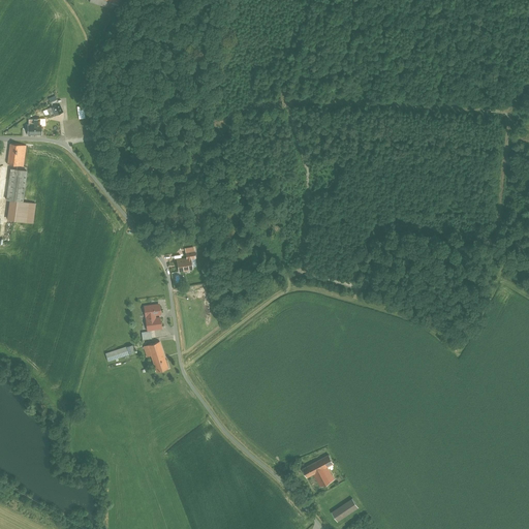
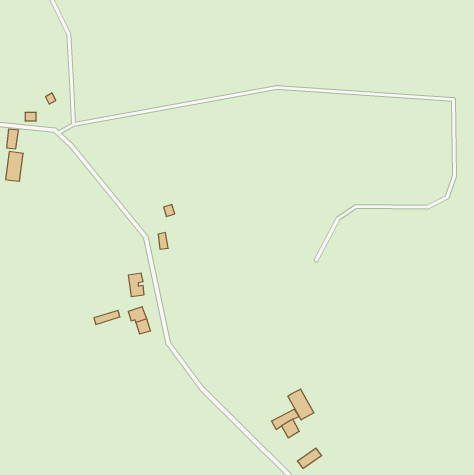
building: [7,200,34,223] -> none
building: none -> [288,389,314,420]

